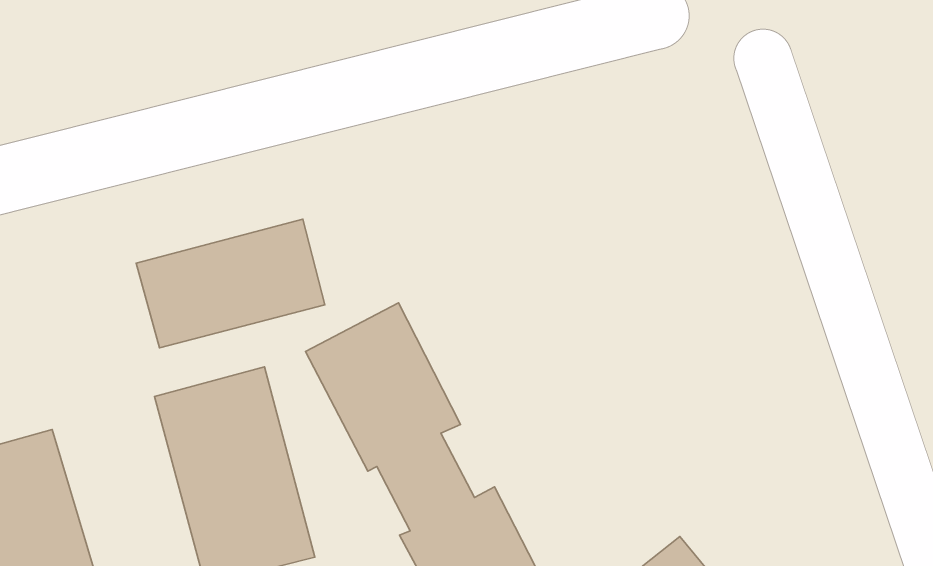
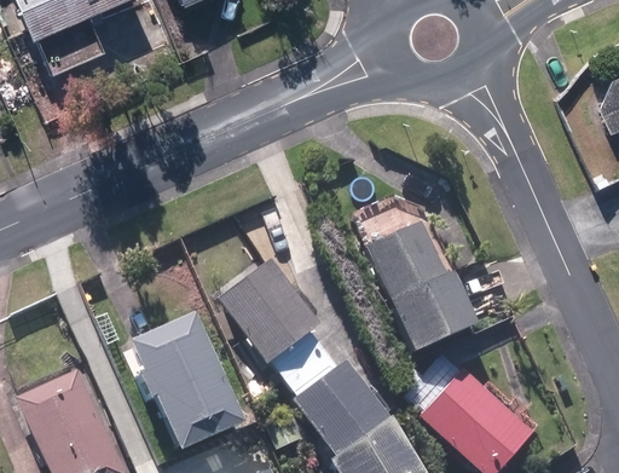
building: [136,219,325,348] -> none
building: none -> [368,221,478,350]

